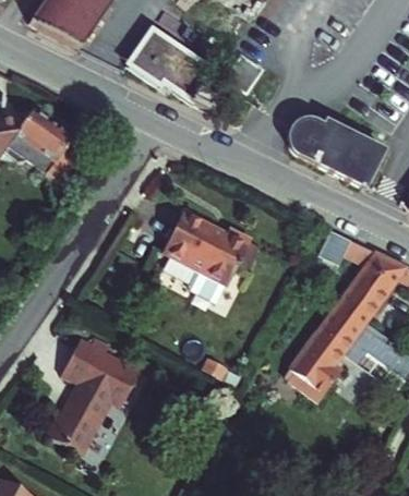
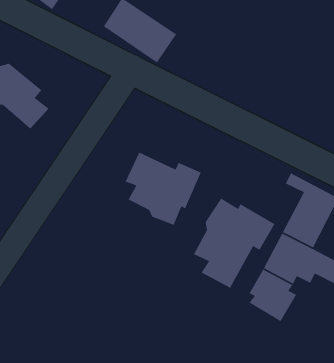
building: [287,124,378,189] -> none
building: none -> [193,197,275,289]
building: [39,323,140,444] -> none

